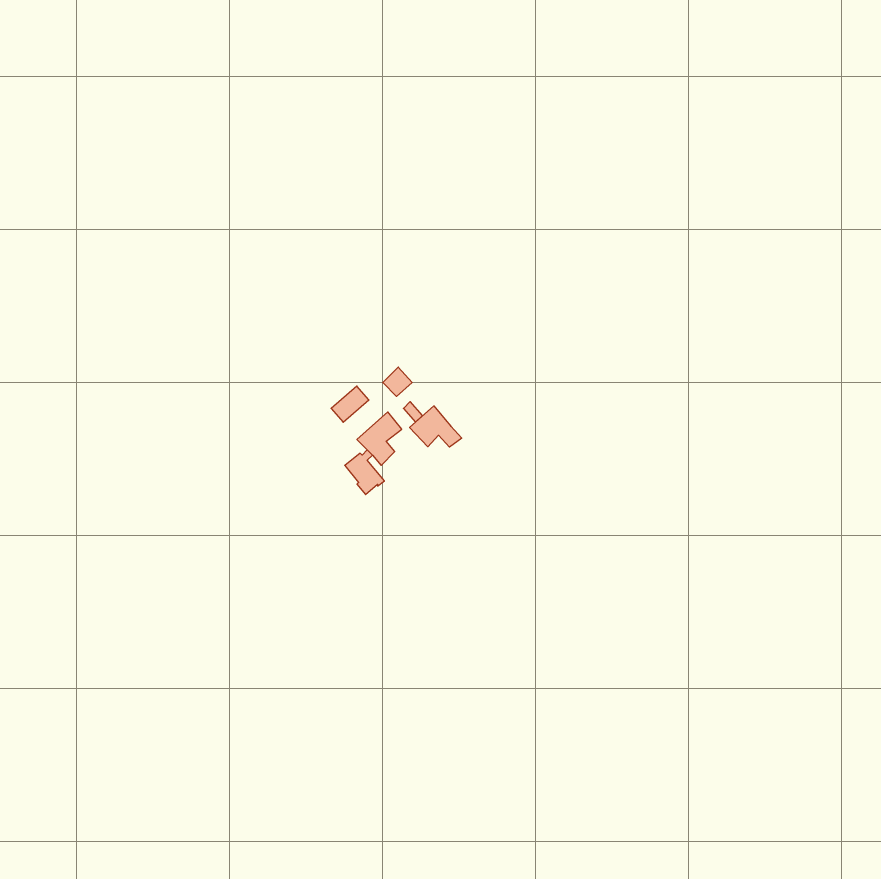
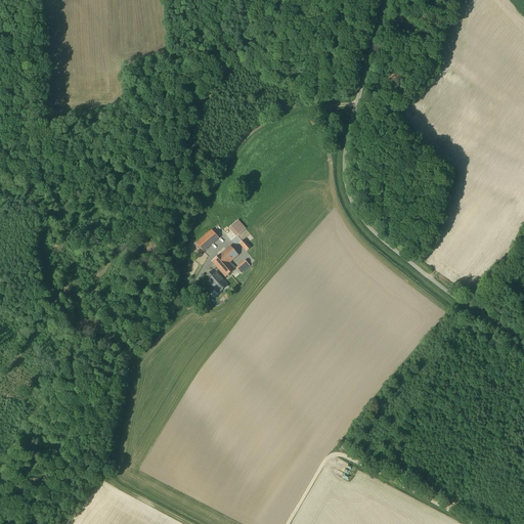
building: [410,406,462,447] -> none

